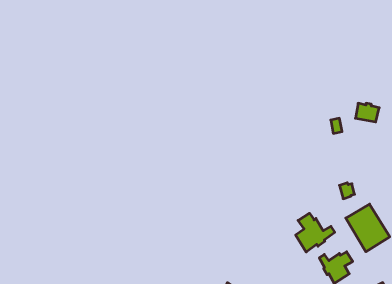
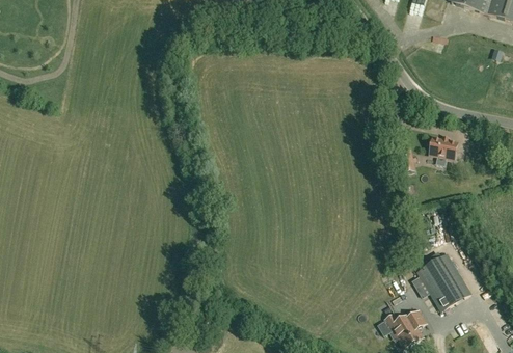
building: [296,213,335,252] -> none

